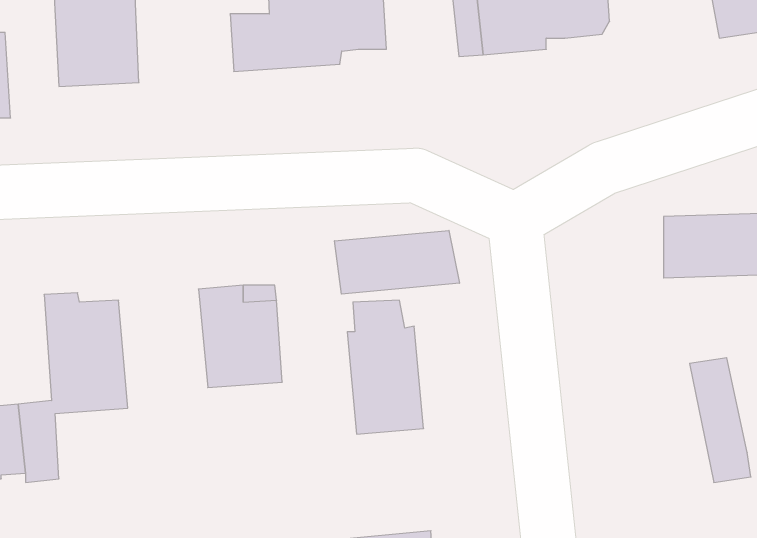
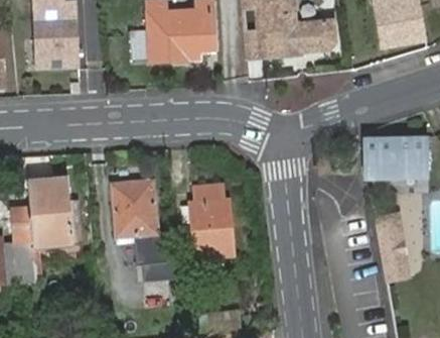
building: [335,230,459,294] -> none

